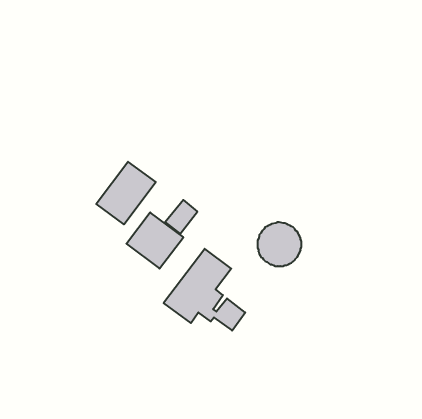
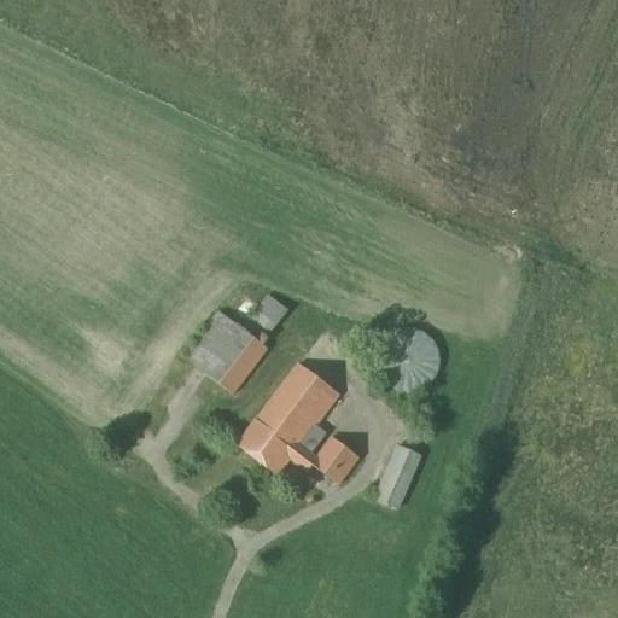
building: [96,162,156,224] -> none
building: none -> [377,443,422,507]

